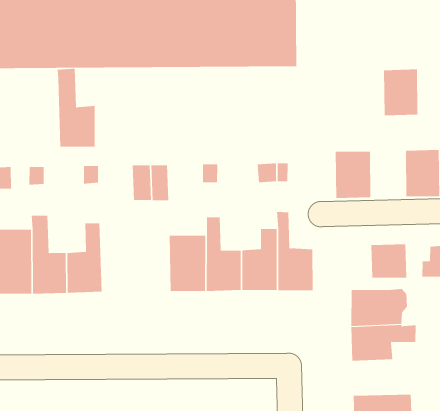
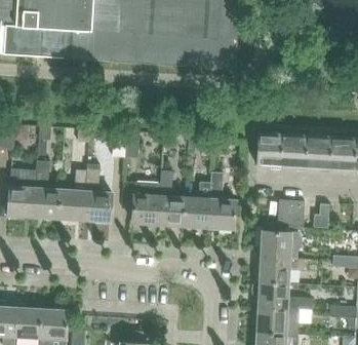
building: [57,68,96,147] -> [84,164,112,222]
building: [383,69,418,116] -> [281,133,308,167]
building: none -> [257,282,312,310]

